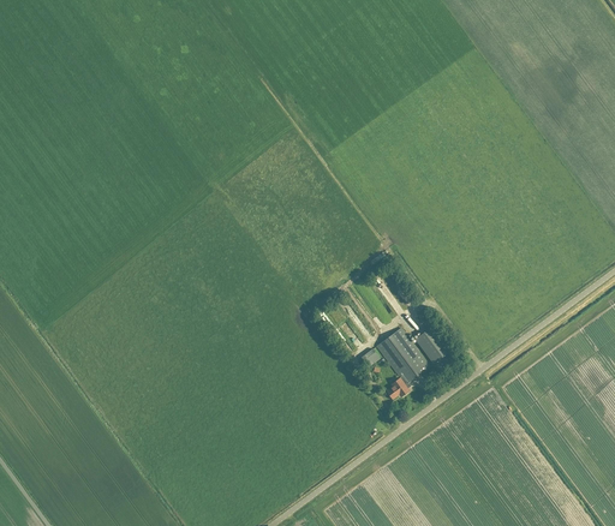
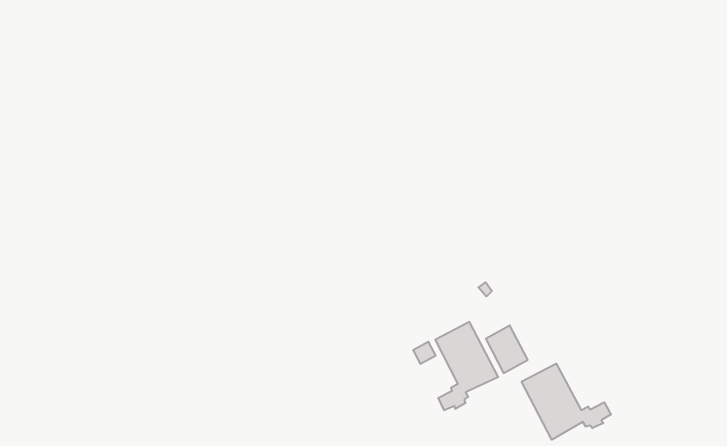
building: none -> [522,364,611,440]

